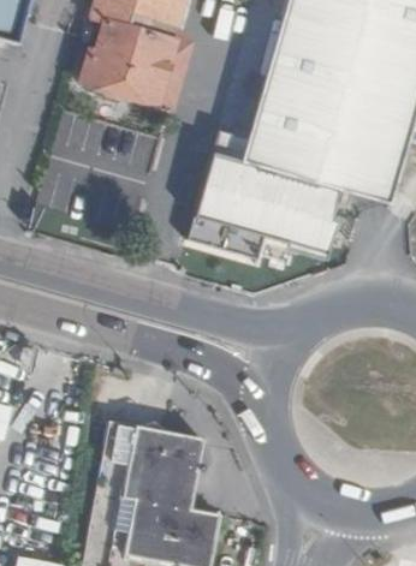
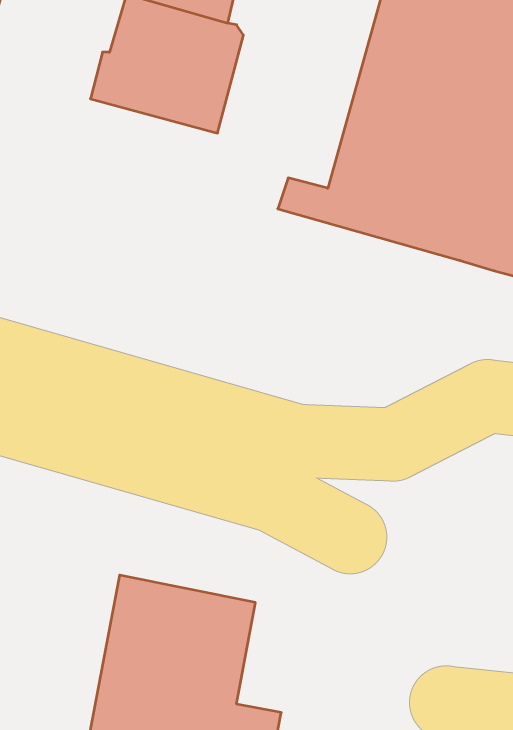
building: [188,159,340,267] -> none

